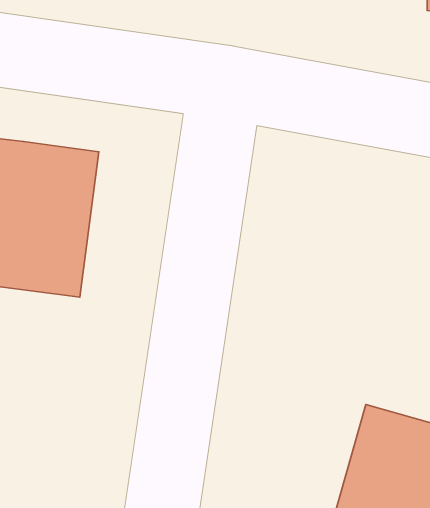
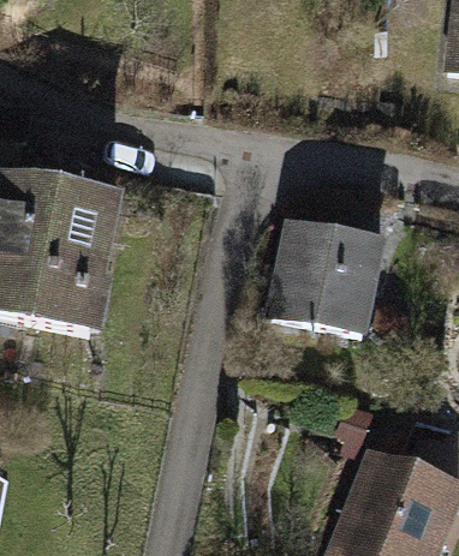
building: none -> [267,217,391,333]

